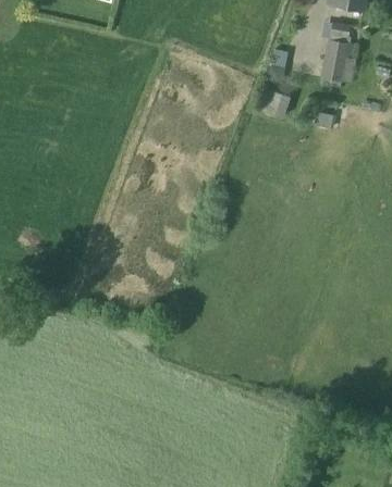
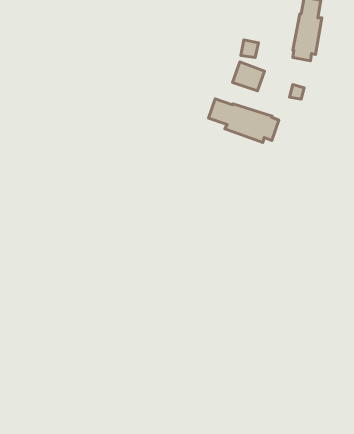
building: none -> [209,99,279,143]

